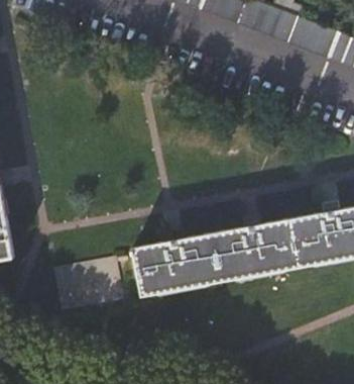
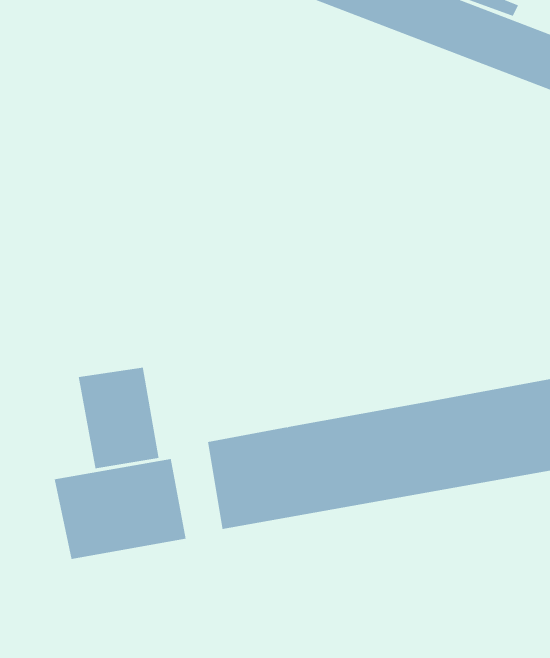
building: none -> [78,367,159,469]

